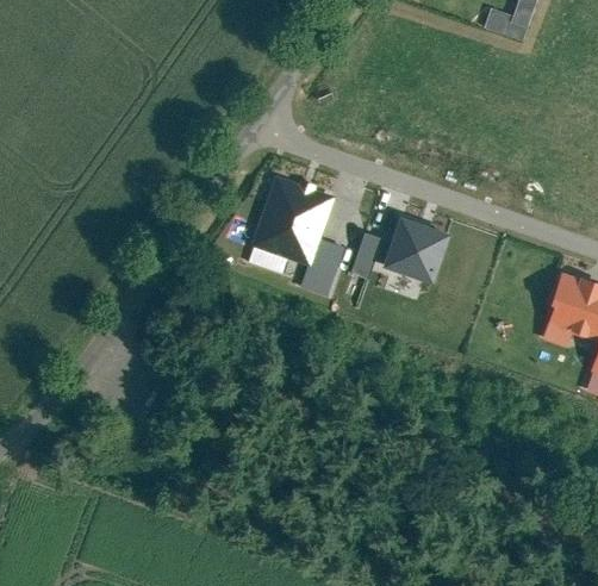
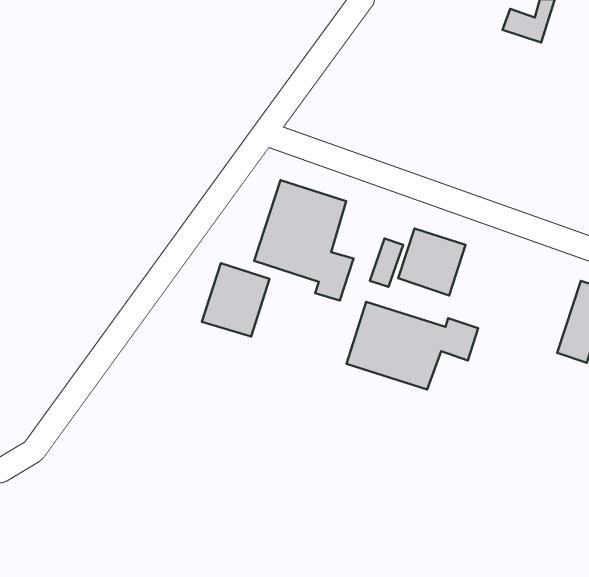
building: none -> [202,263,270,336]
building: none -> [346,302,478,390]

